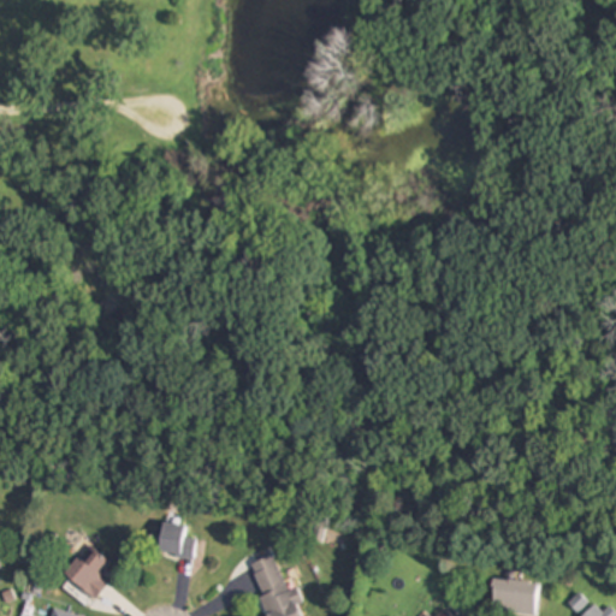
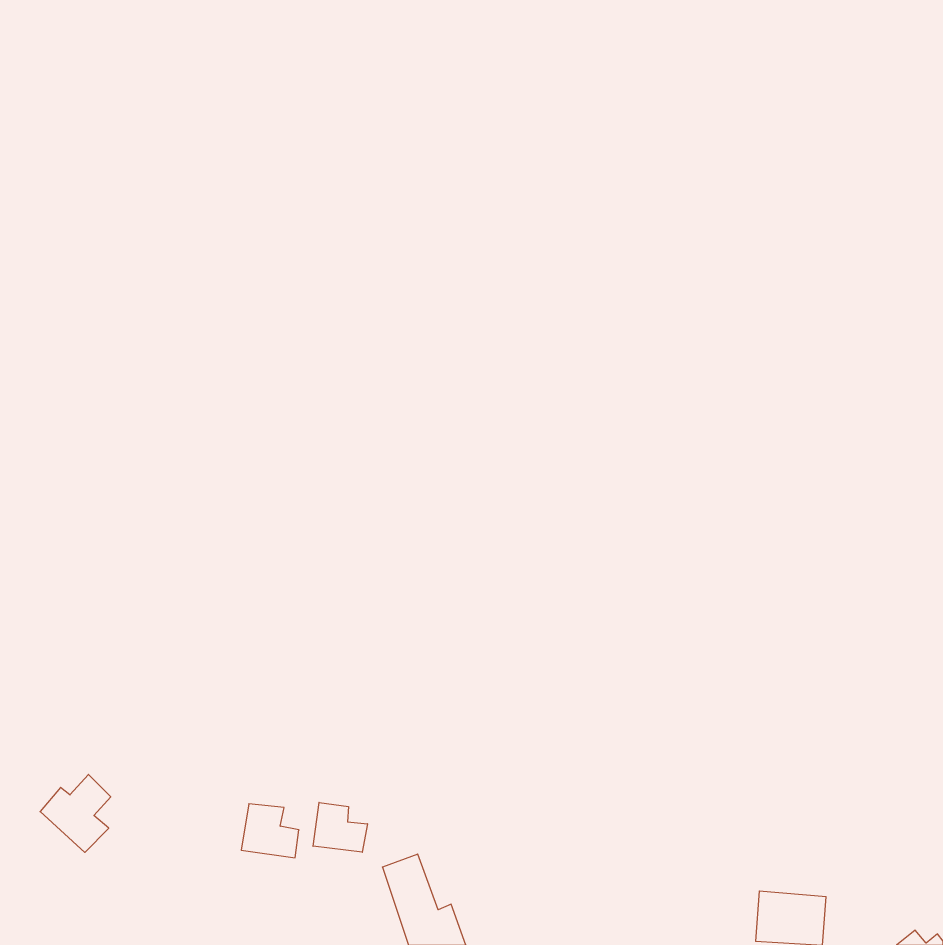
building: none -> [313,802,367,852]
building: [64,547,109,598] -> [40,774,111,852]

